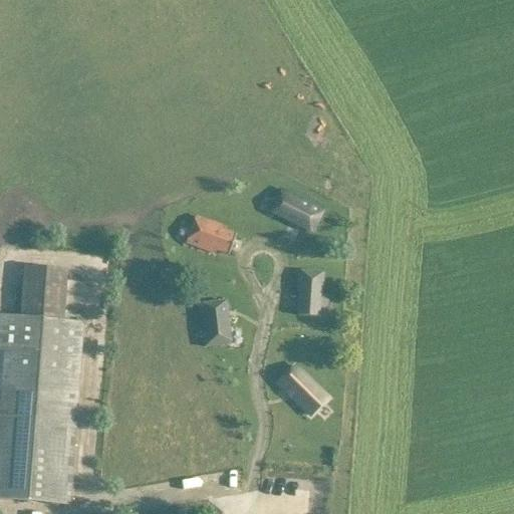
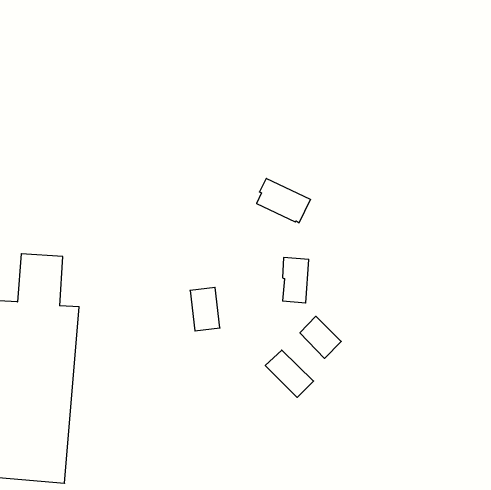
building: [184,215,234,252] -> none
building: none -> [300,316,341,358]

